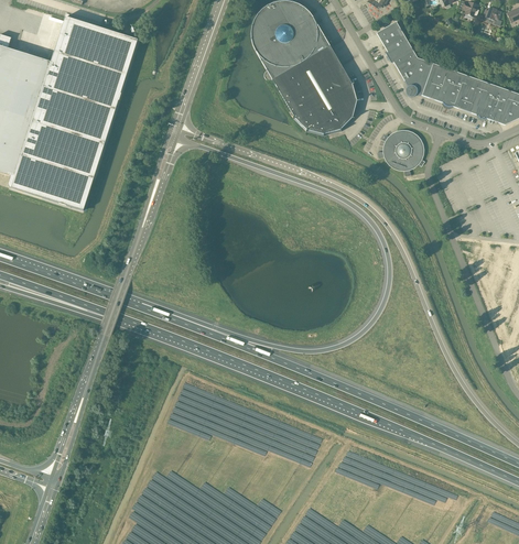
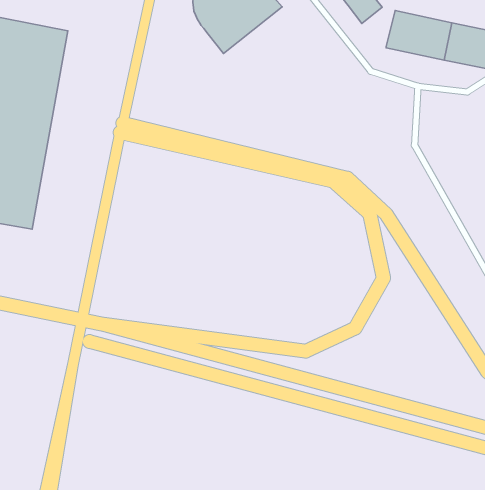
building: [272,44,357,132] -> none
building: [398,56,429,96] -> none
building: [378,130,423,175] -> none

